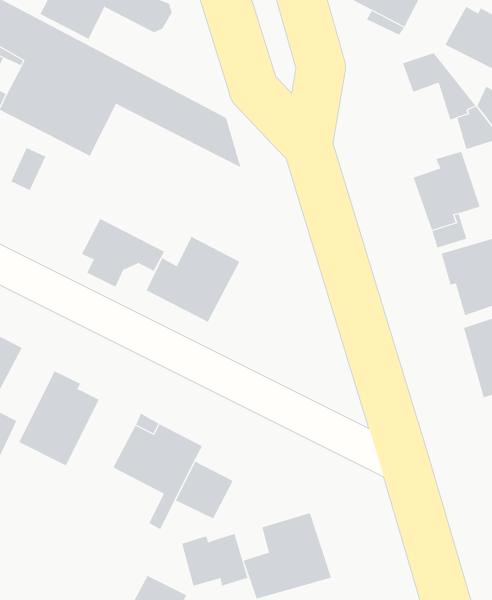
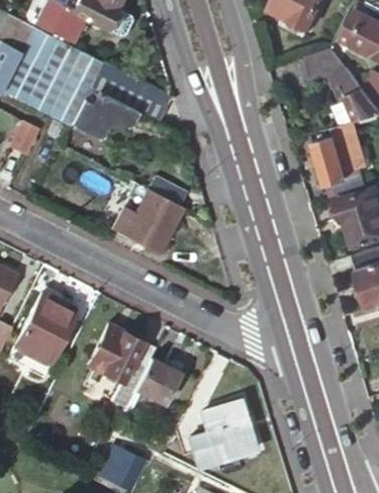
building: [81,218,165,287] -> [76,89,139,141]
building: [181,533,248,587] -> none

